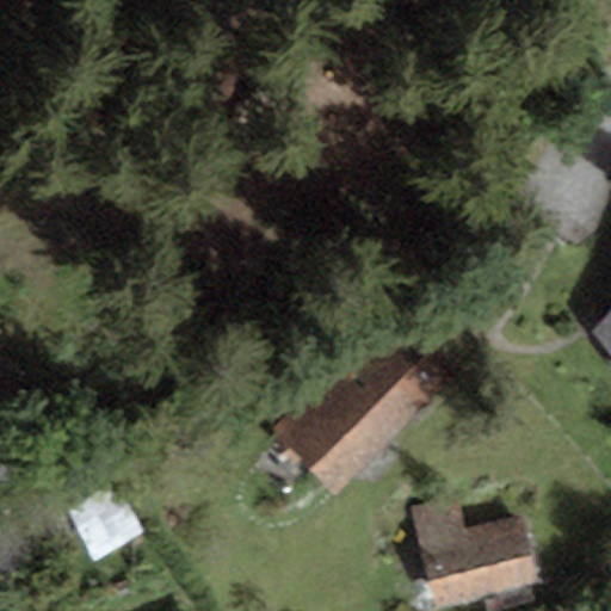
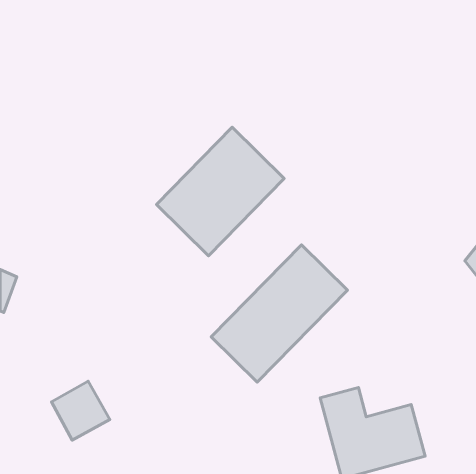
building: none -> [156,127,284,256]

